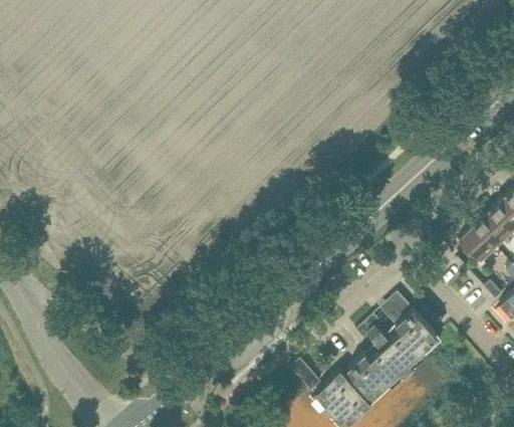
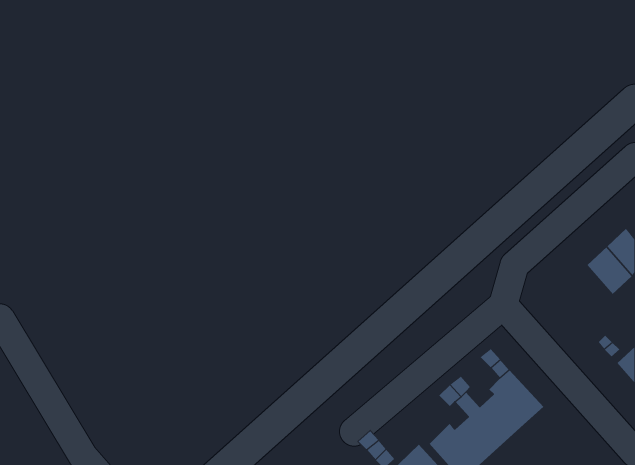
building: [457,227,495,265] -> none

